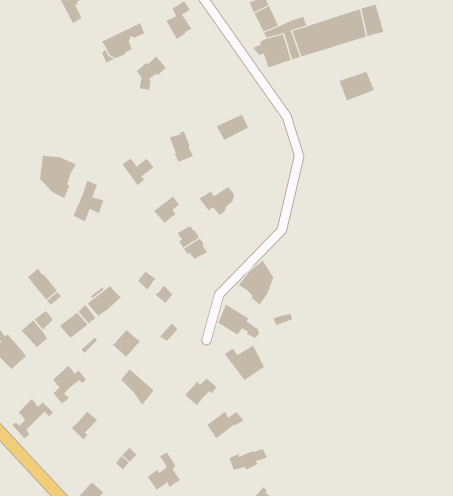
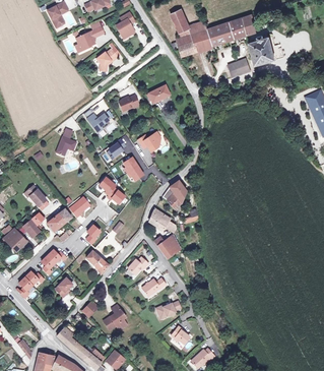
building: none -> [249,35,274,65]
building: [39,155,77,199] -> none

